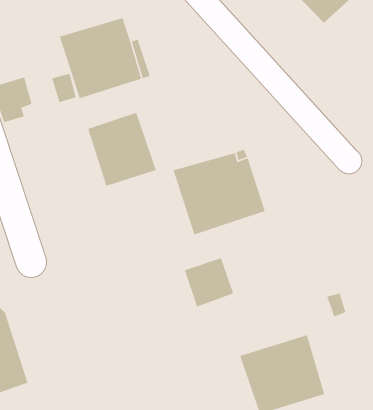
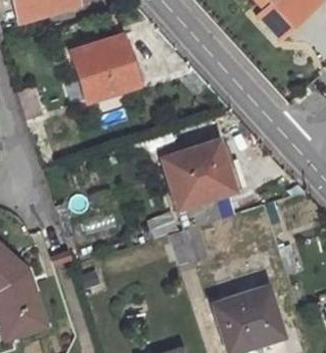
building: [87,112,157,187] -> none

